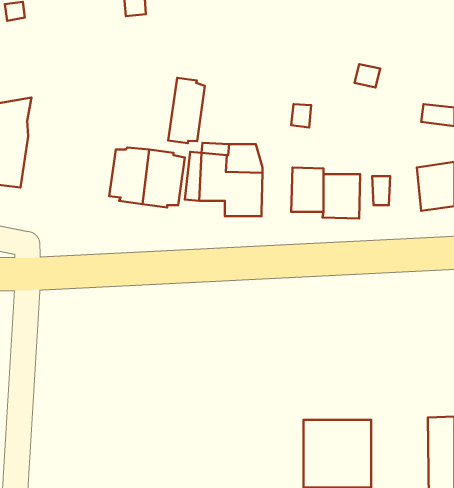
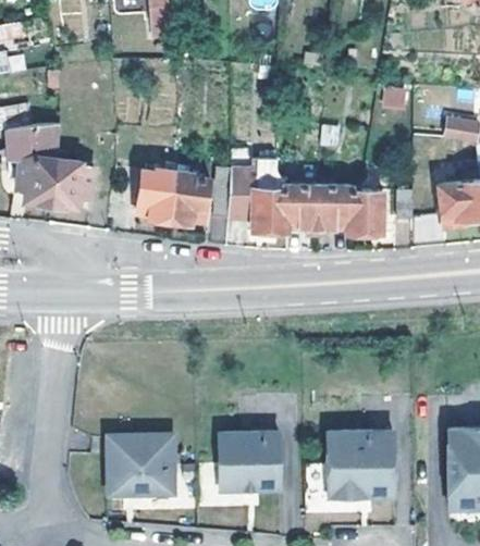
building: [168,78,205,143] -> none
building: none -> [49,156,93,209]
building: none -> [285,186,316,229]
building: none -> [108,432,175,495]
building: none -> [220,434,282,494]

